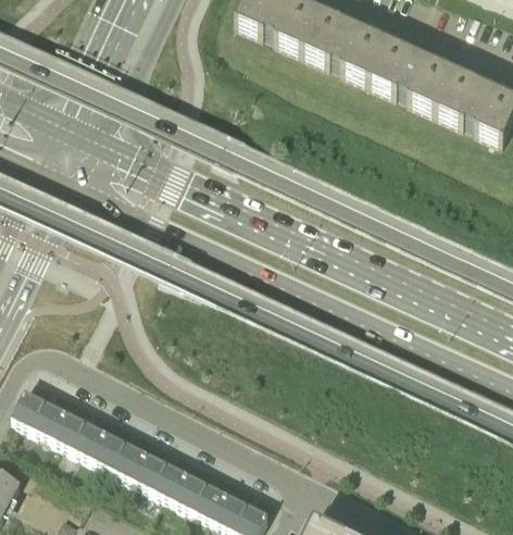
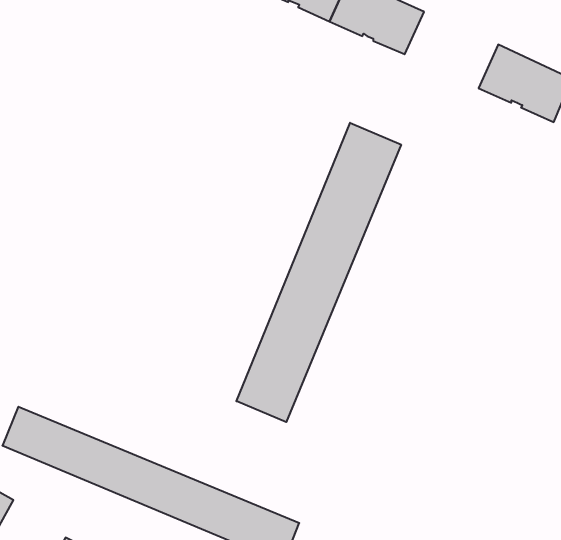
building: [372,39,455,108] -> none
building: none -> [236,123,401,422]

